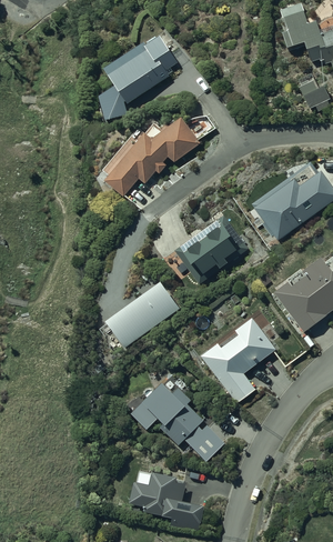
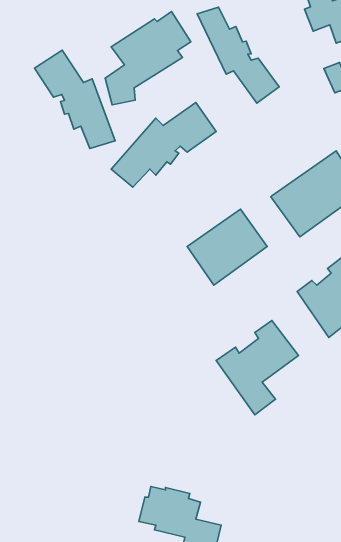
building: none -> [197,7,279,103]
building: none -> [35,50,115,149]
building: [105,279,181,347] -> none
building: [131,380,225,461] -> none

